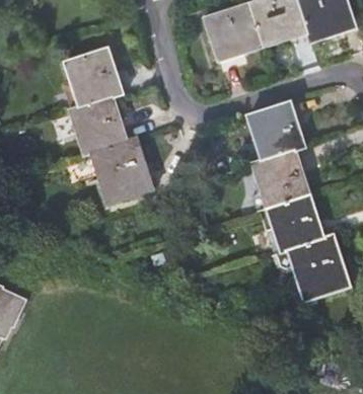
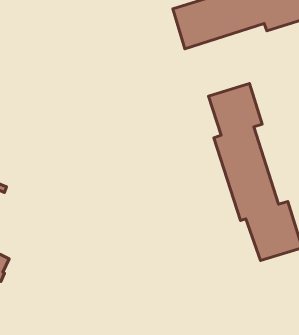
building: [65,51,152,203] -> none

